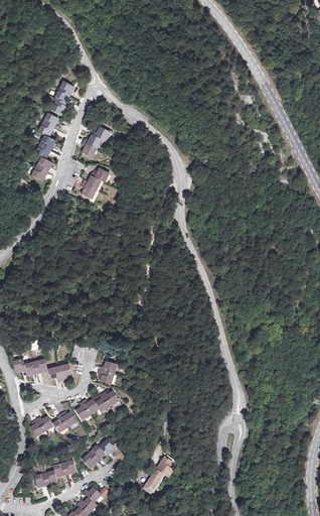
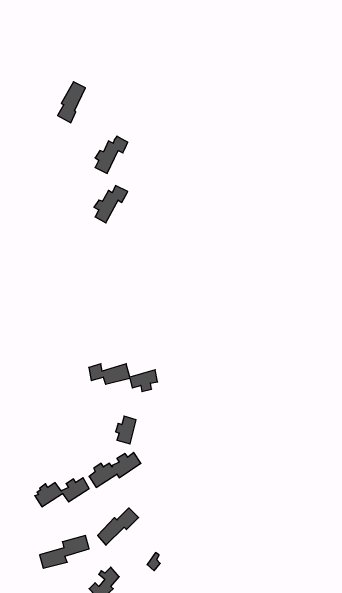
building: [32,112,58,179] -> none
building: [13,358,70,381] -> [89,364,158,392]
building: [143,456,174,493] -> none

